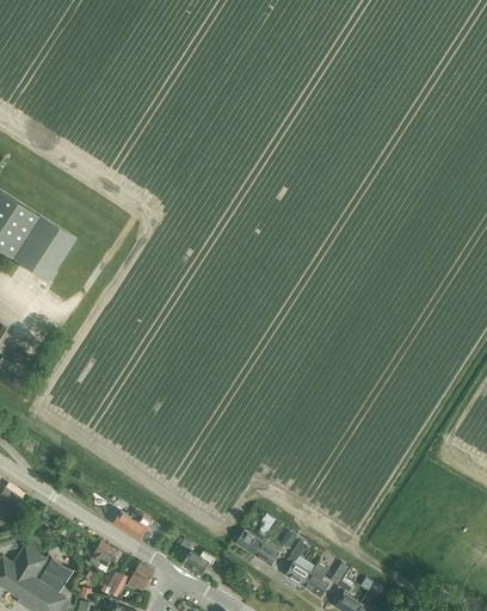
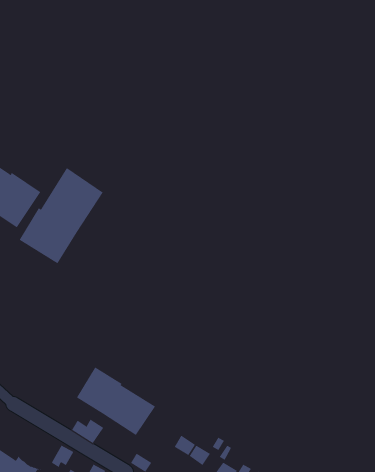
building: none -> [19,167,104,264]
building: none -> [76,367,156,436]

